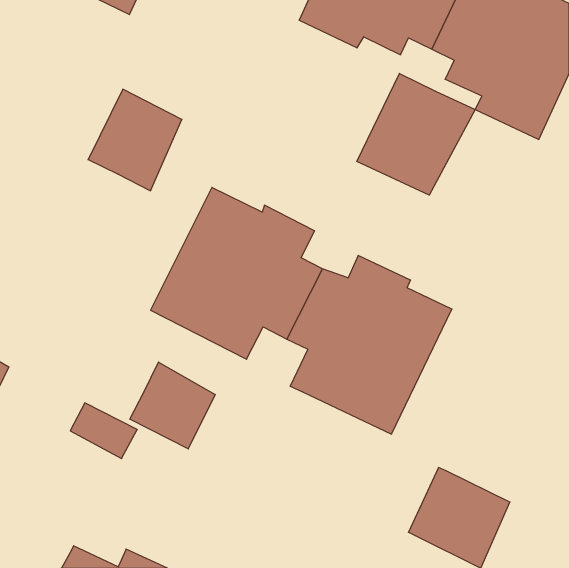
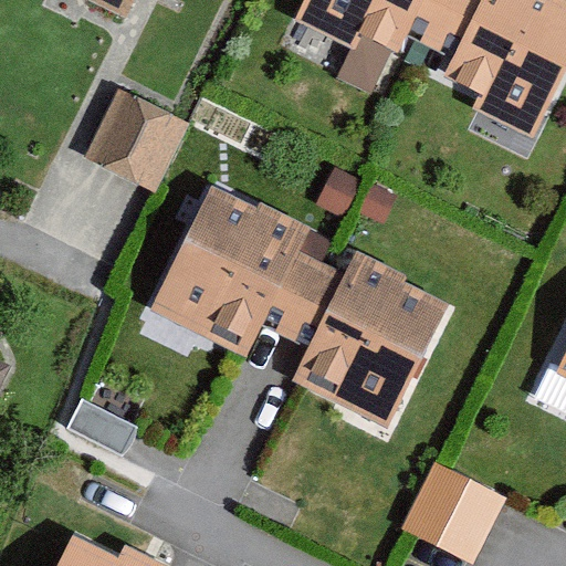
building: [357,73,475,195] -> none
building: [130,362,215,449] -> none

